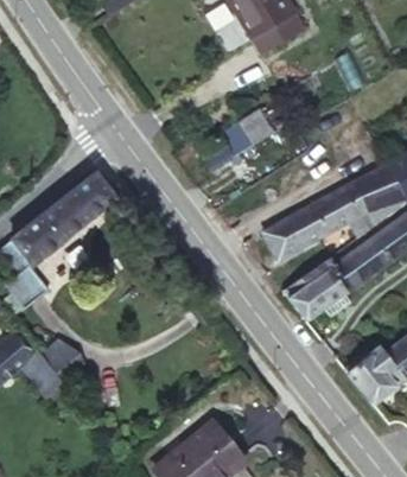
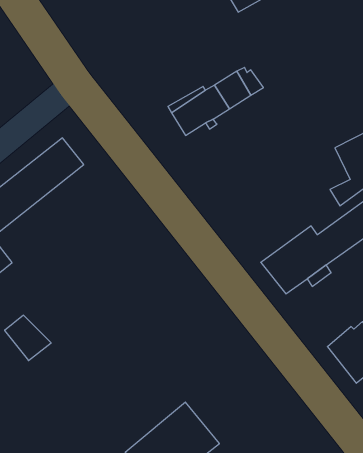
building: [263,182,368,260] -> none

